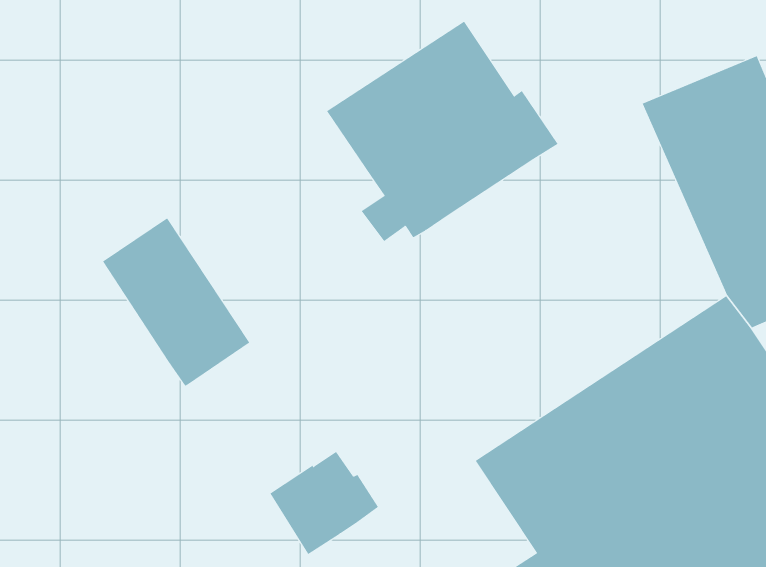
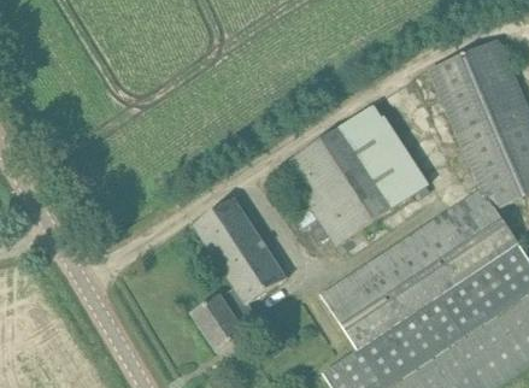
building: [326,21,559,242] -> [284,107,430,246]
building: [102,217,250,387] -> [195,196,288,302]

